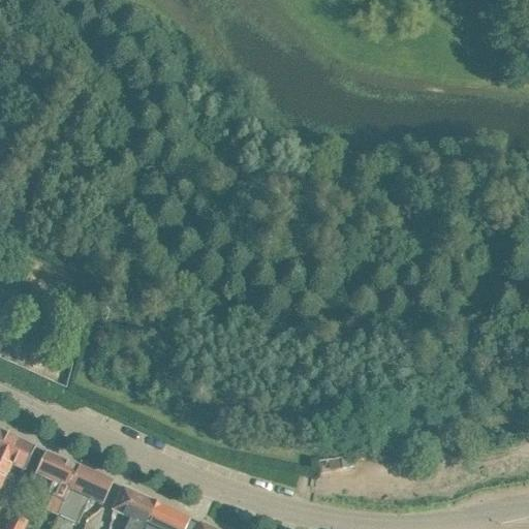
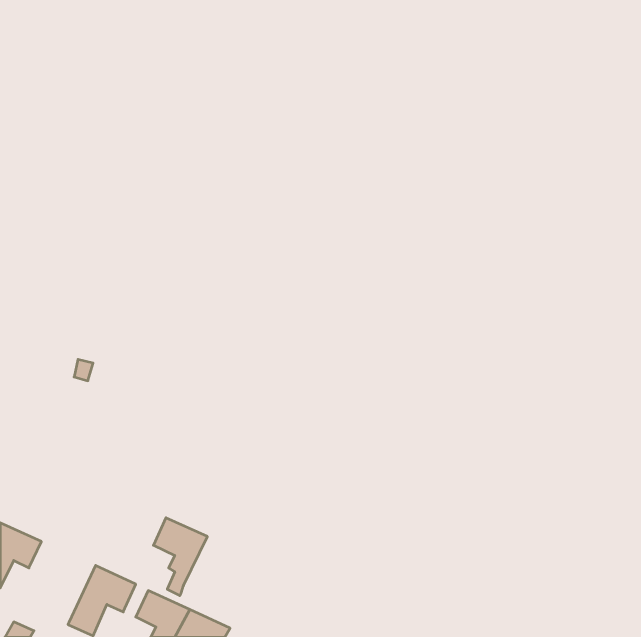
building: [35,449,80,514] -> [153,518,207,596]

